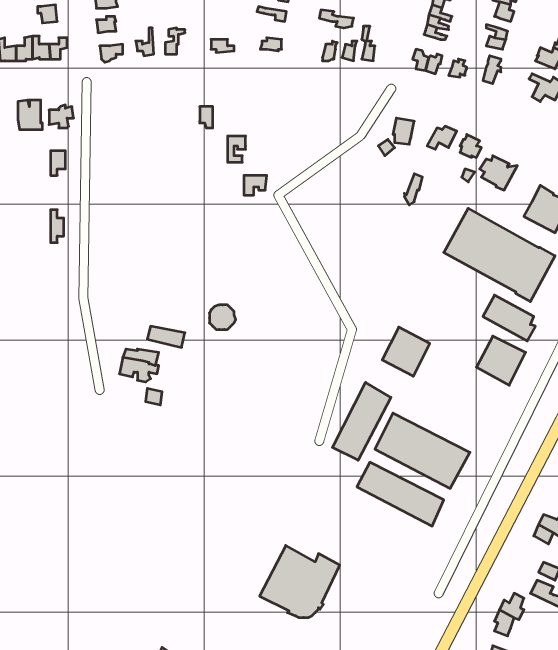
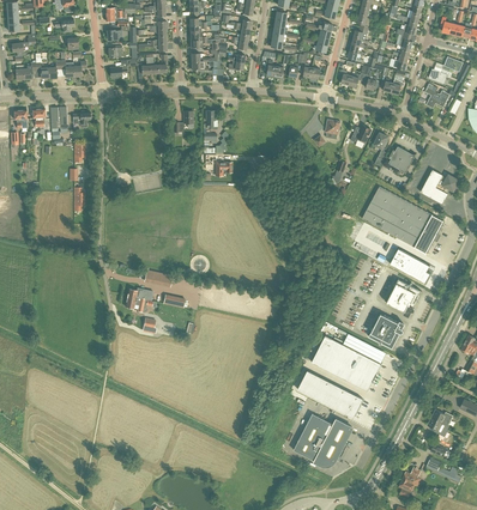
building: [382,327,430,376] -> [368,312,403,348]
building: [332,382,391,460] -> none
building: [260,545,340,617] -> [292,413,351,466]

